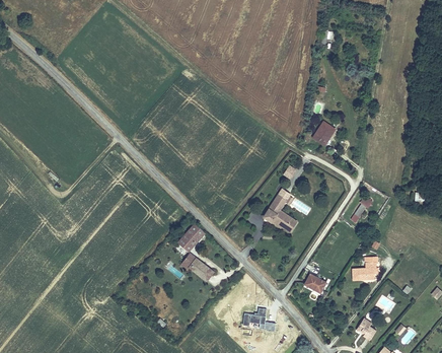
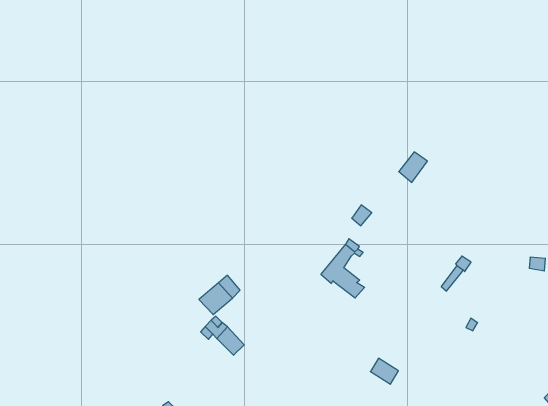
building: [353,256,377,279] -> none

